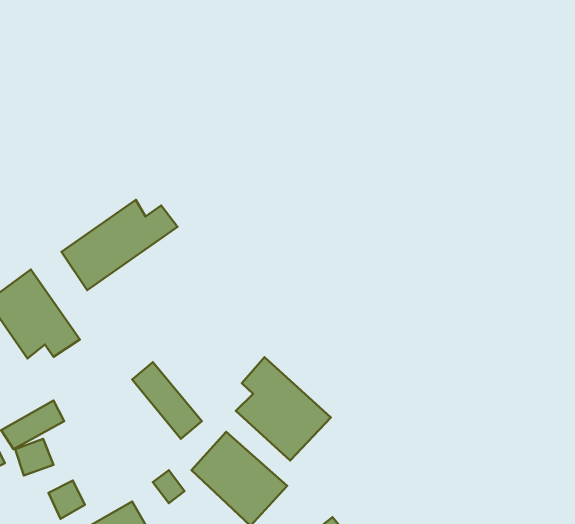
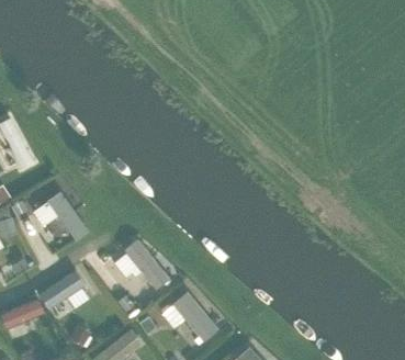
building: [62,200,178,290] -> none
building: [236,357,331,461] -> none

